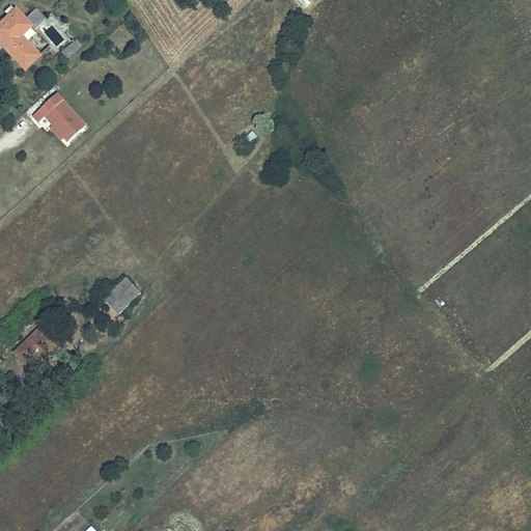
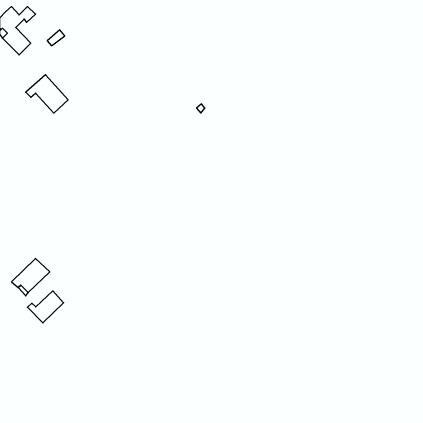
building: [104,277,140,313] -> none
building: none -> [27,291,64,323]

